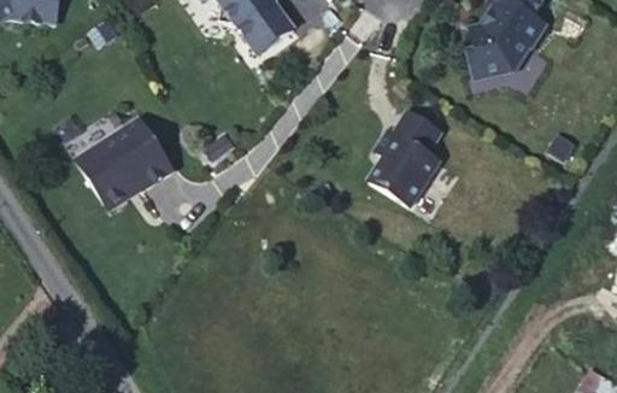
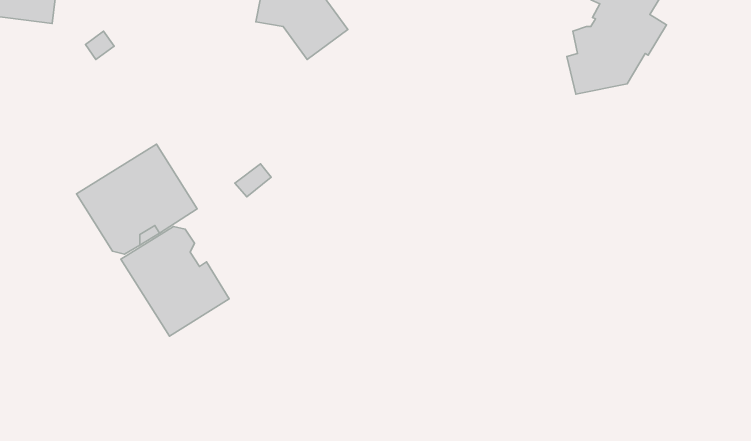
building: [370,111,441,206] -> none
building: none -> [121,226,229,336]

